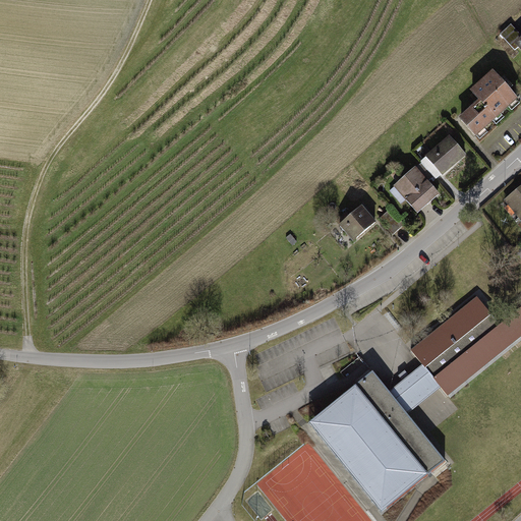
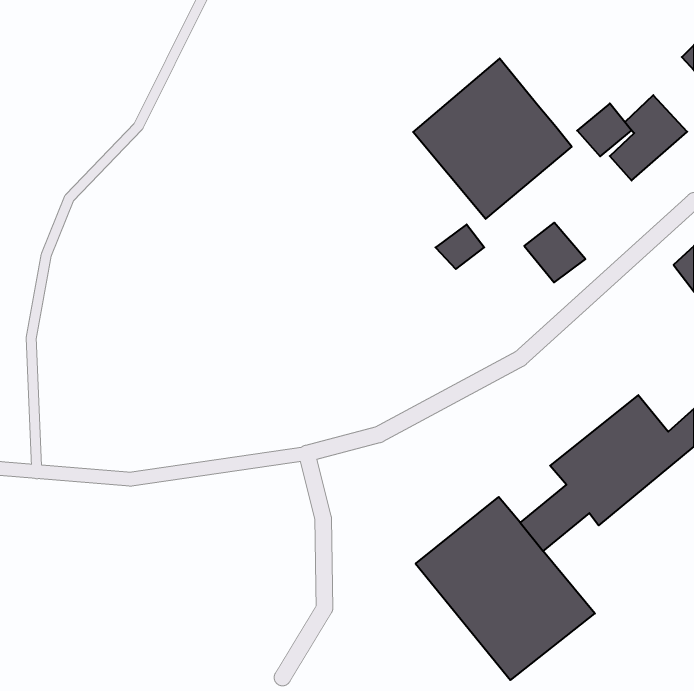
building: none -> [413,58,572,219]
building: [423,133,464,173] -> [577,103,631,156]
building: [337,205,373,238] -> [435,224,484,269]

